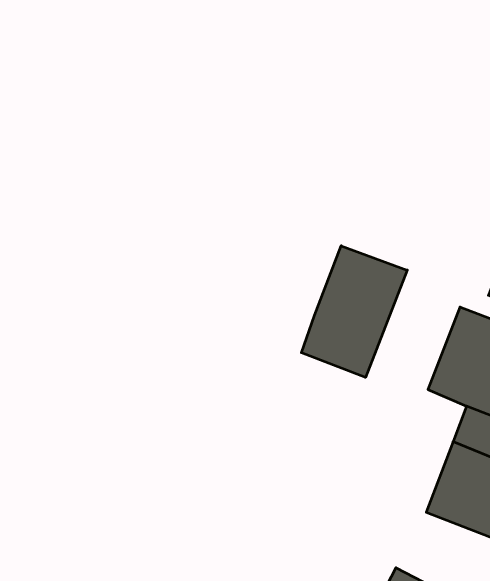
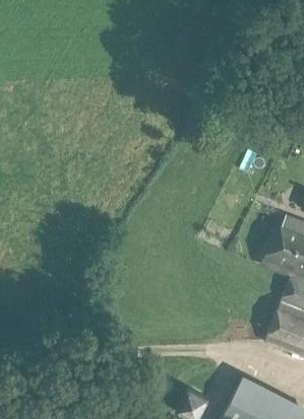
building: [301,246,407,377] -> none

